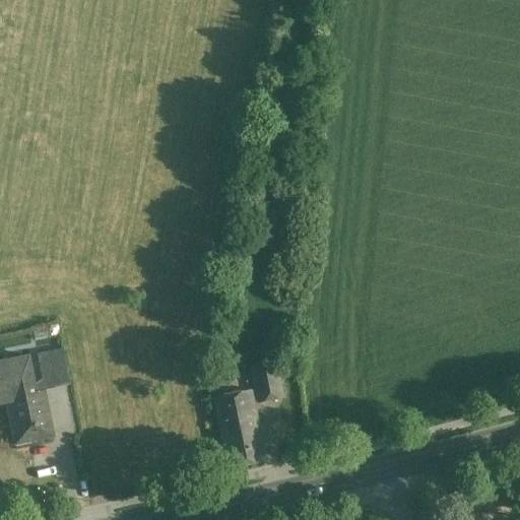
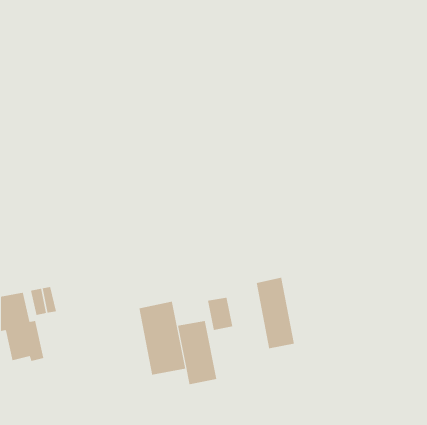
building: none -> [256,277,295,349]
building: none -> [139,301,186,375]

